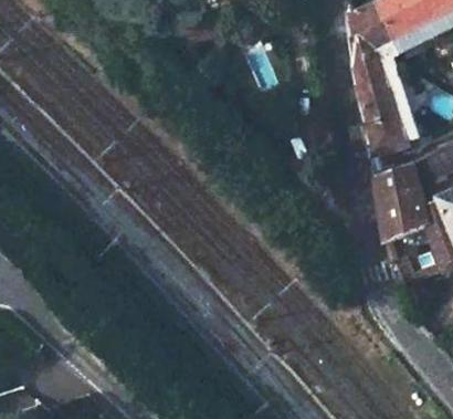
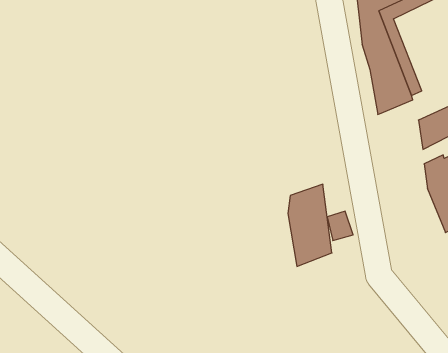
building: [377,158,420,239] -> [288,184,332,266]

